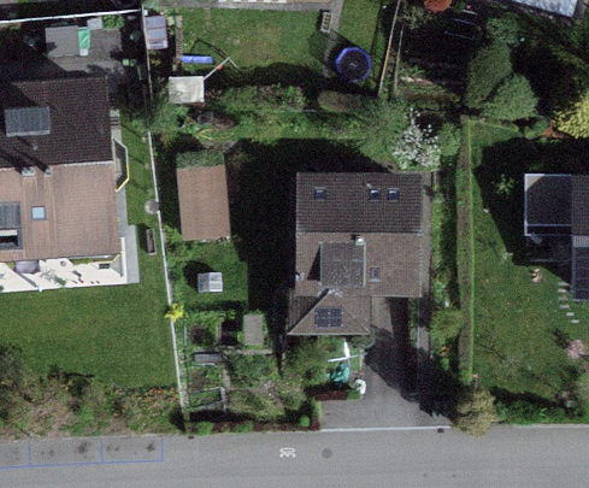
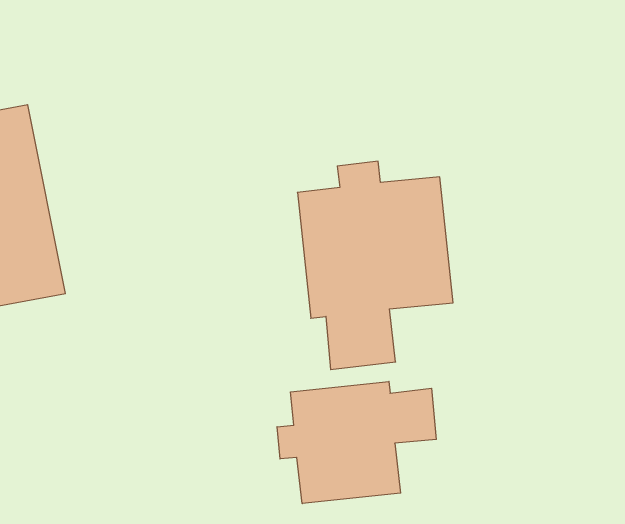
building: none -> [277,381,436,504]

